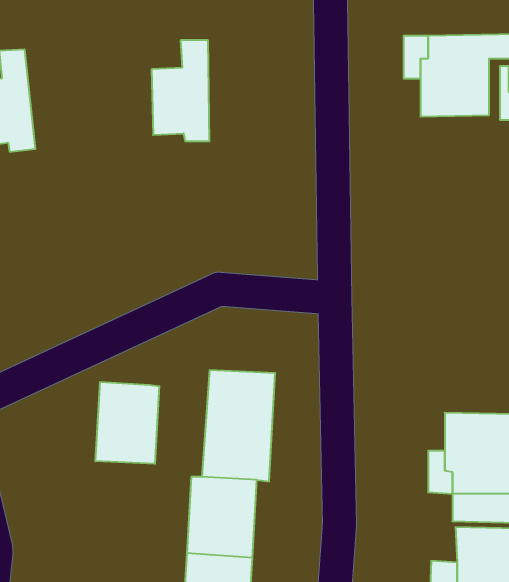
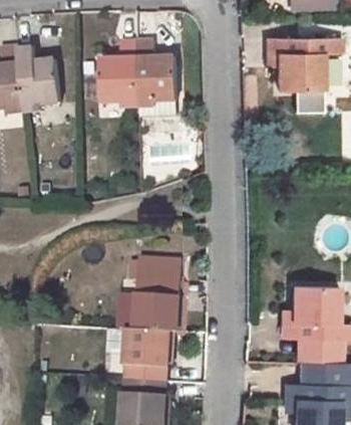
building: none -> [137,39,177,107]
building: none -> [17,45,60,112]
building: [96,382,159,464] -> none

